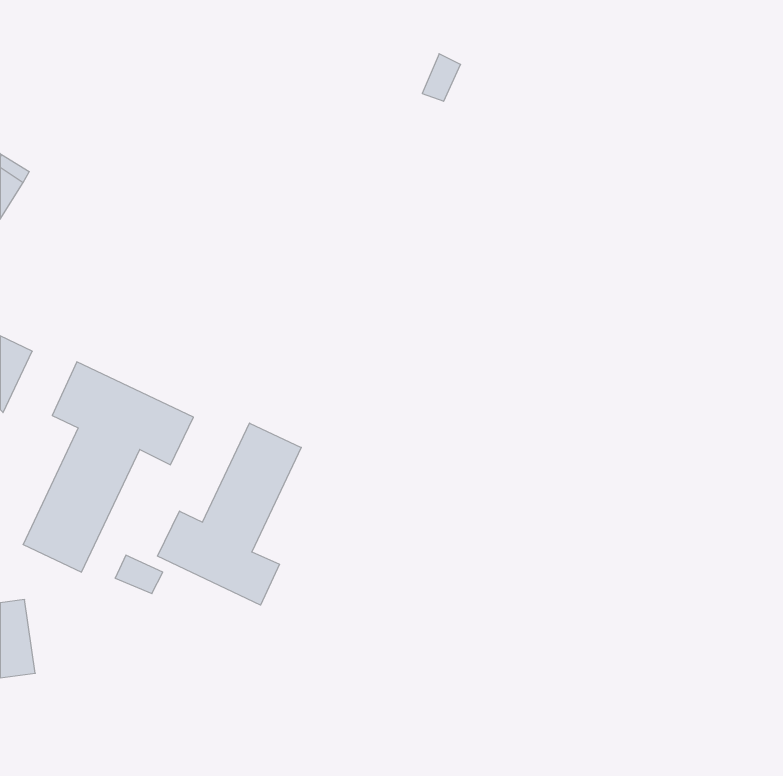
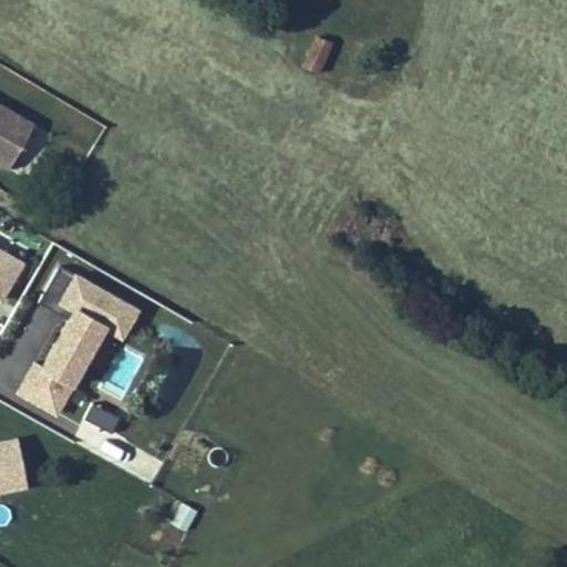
building: [157,423,301,605] -> none

